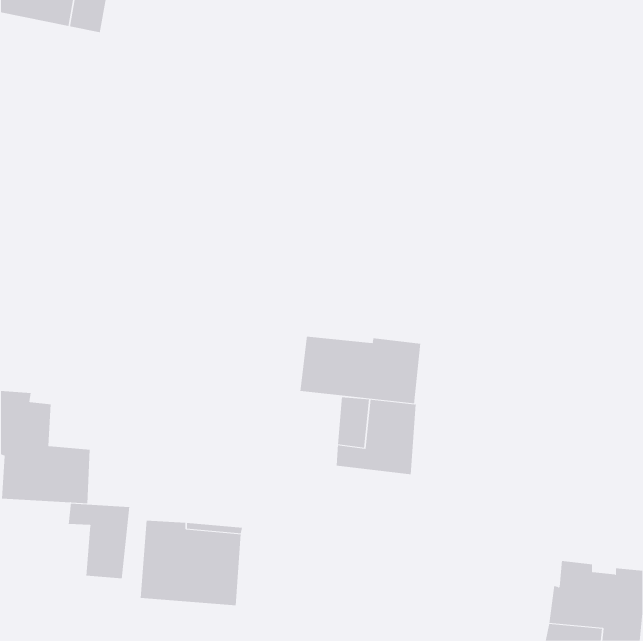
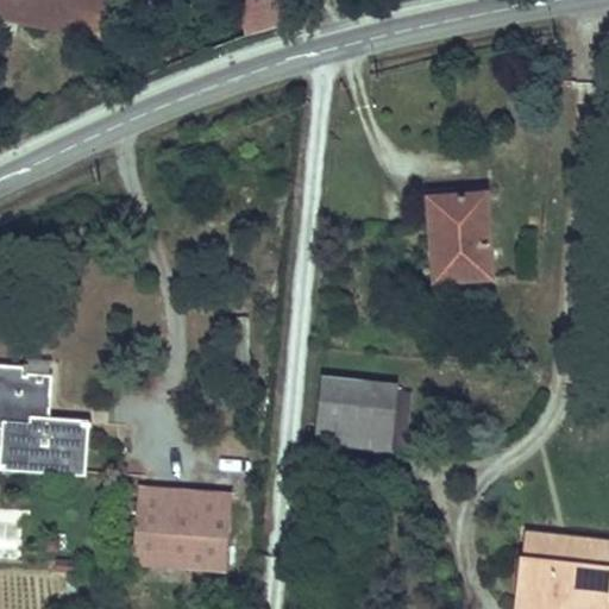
building: none -> [433,190,491,277]
building: [300,336,421,404] -> none
building: [68,503,130,579] -> none

